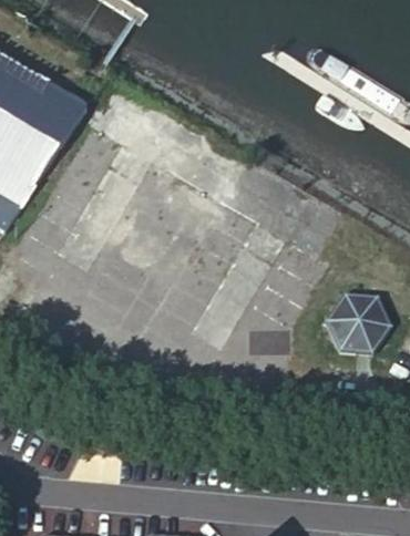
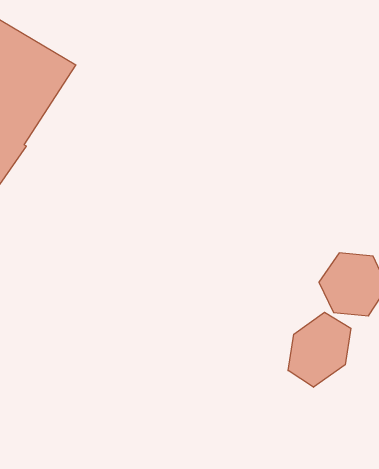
building: none -> [288,312,351,387]

